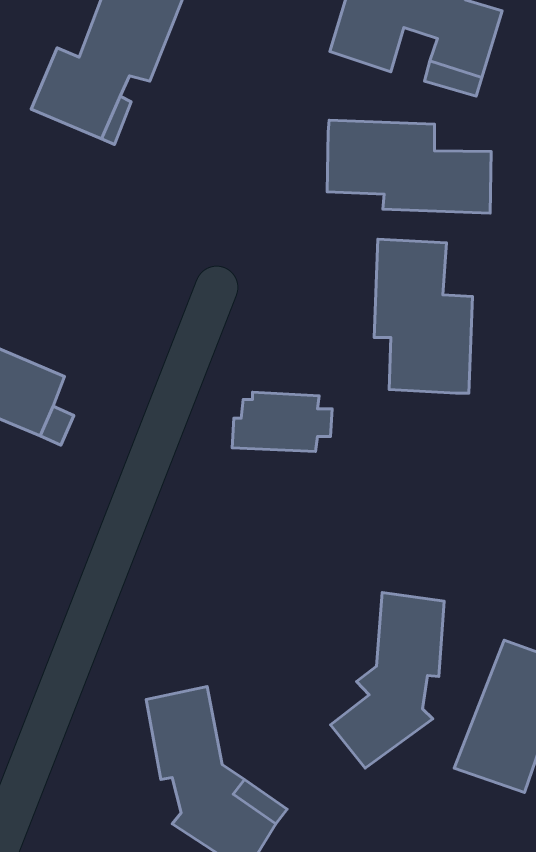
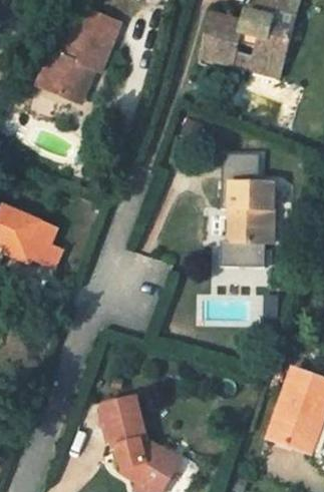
building: [327,120,491,213] -> none
building: [232,392,332,452] -> [221,235,275,268]
building: [330,593,444,768] -> none

